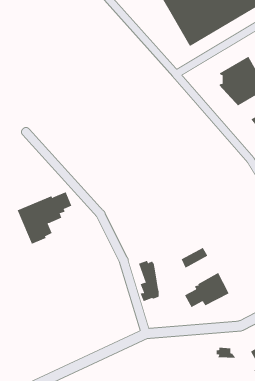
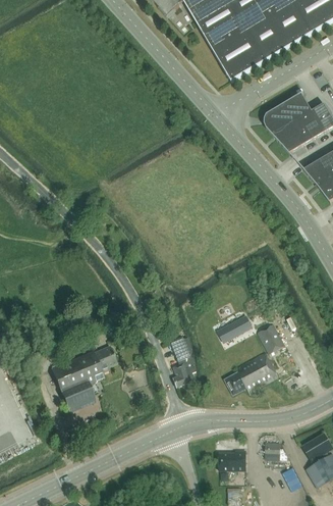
building: [17,191,72,248] -> [50,344,116,411]
building: none -> [257,322,284,352]
building: none -> [218,449,244,469]

